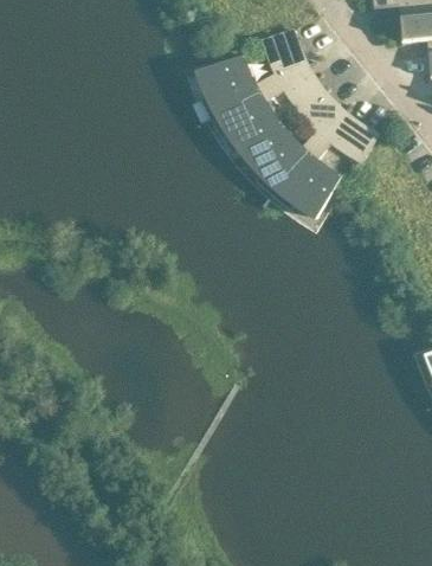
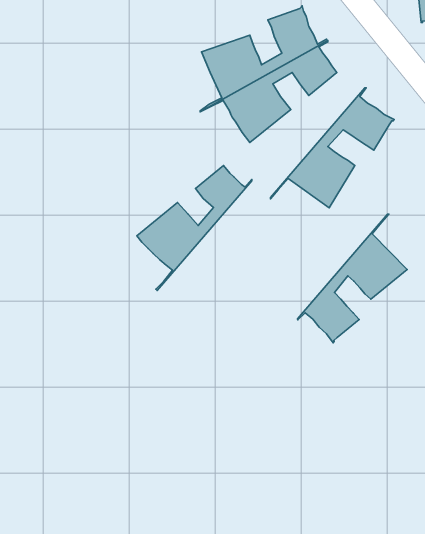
building: [243,91,349,207] -> [137,165,252,291]
building: none -> [298,214,407,343]

